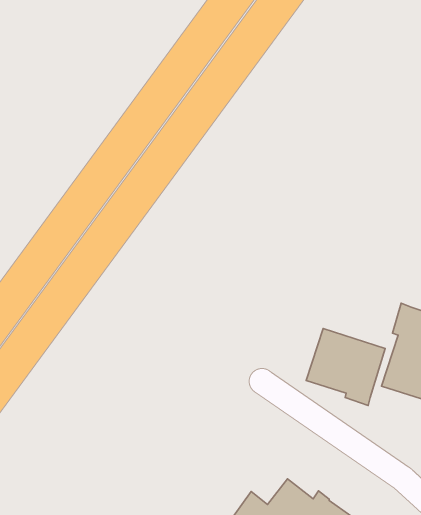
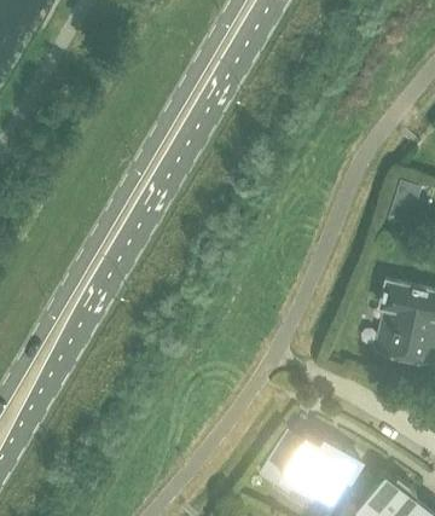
building: [306,328,385,405] -> none

